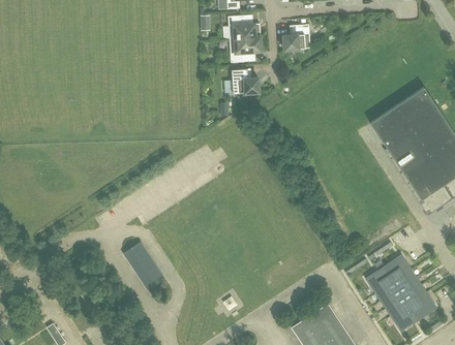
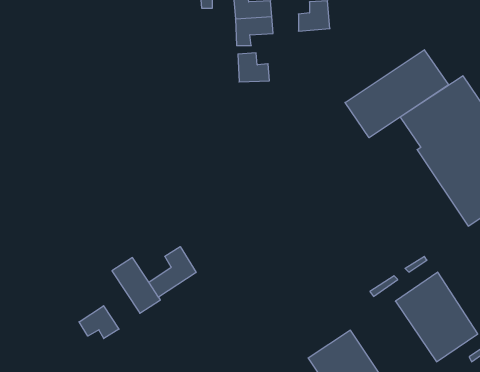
building: none -> [345,50,448,138]
building: none -> [149,247,196,297]
building: none -> [79,306,119,339]

